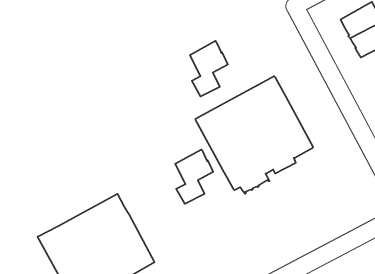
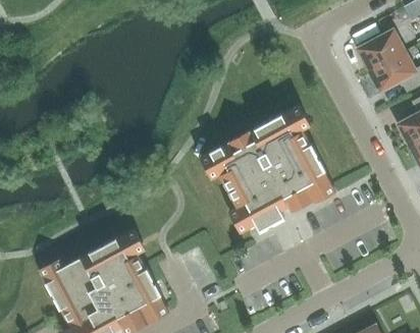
building: [190,41,228,97] -> none
building: [175,150,213,204] -> none

